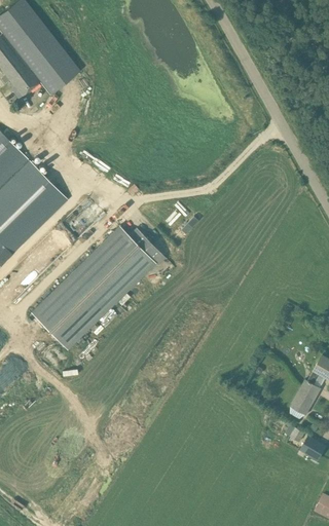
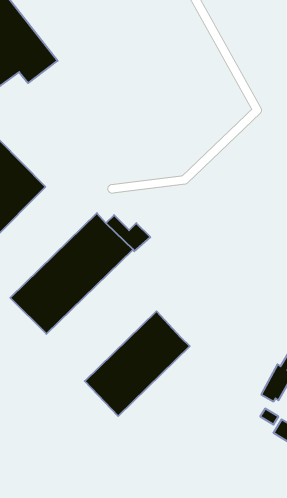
building: none -> [85,311,190,416]

